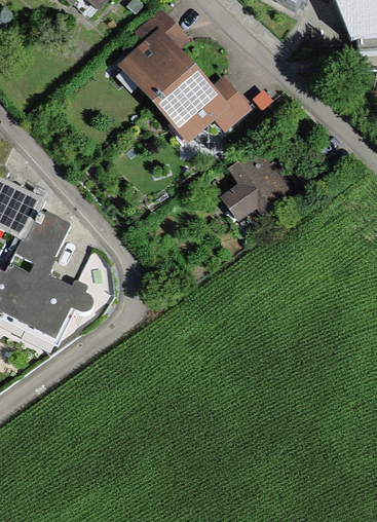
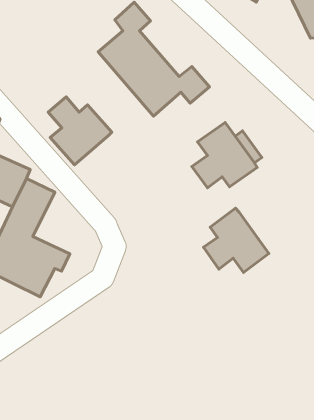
building: none -> [48,97,112,165]
building: none -> [203,208,269,272]

